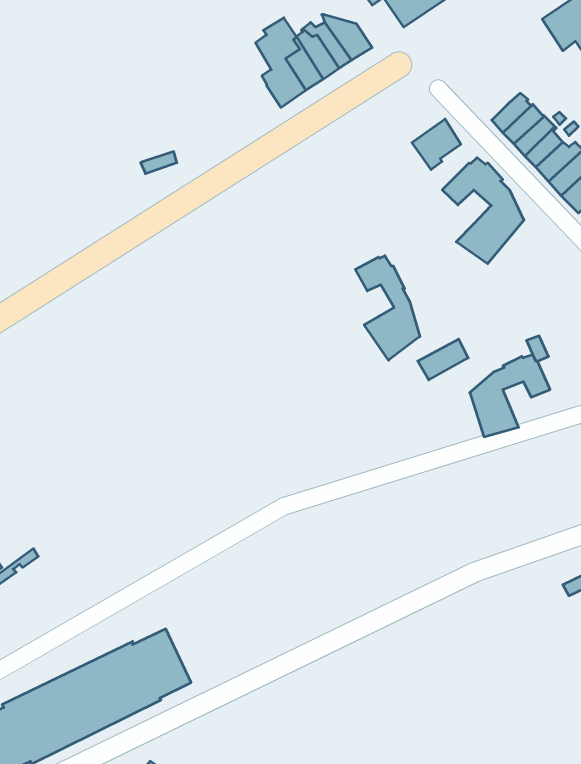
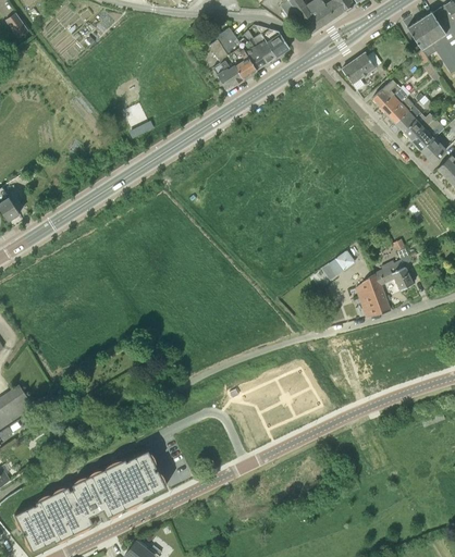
building: [412,119,461,170] -> [342,52,376,87]
building: [442,158,524,264] -> none
building: [355,256,420,360] -> none

